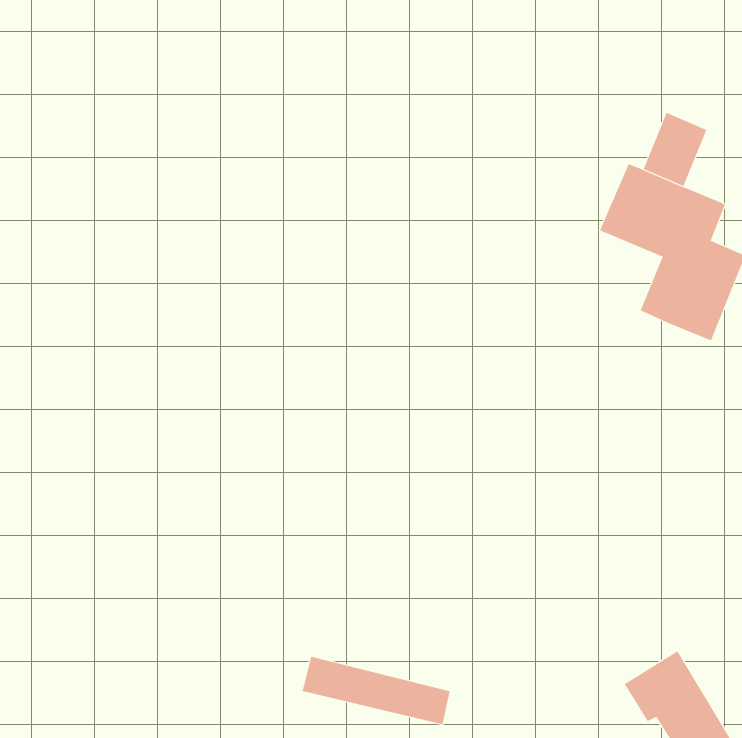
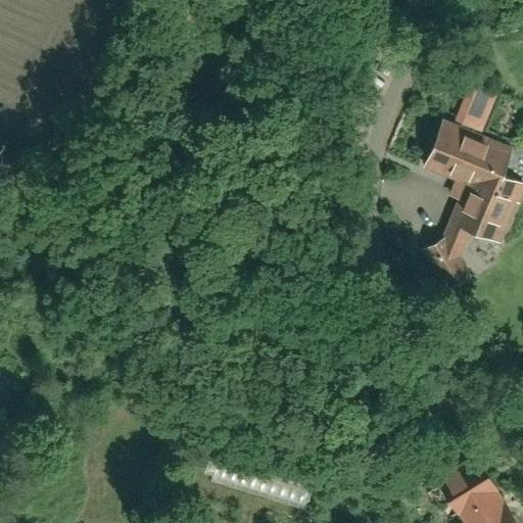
building: none -> [431,223,471,283]

